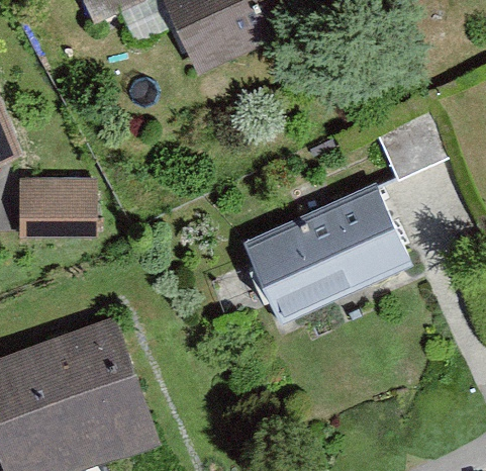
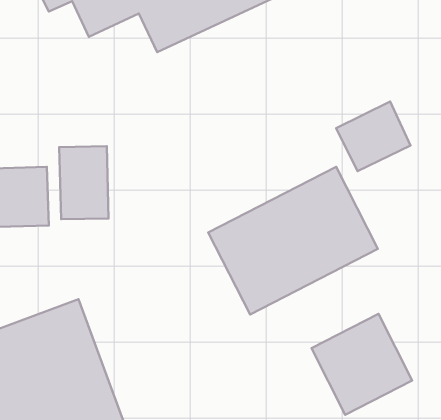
building: none -> [59,146,109,219]
building: none -> [312,314,412,415]

